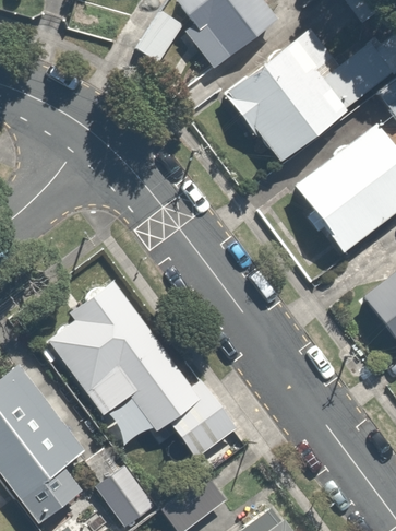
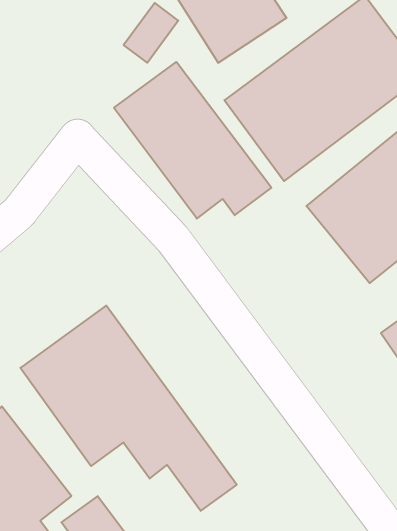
building: none -> [114,62,271,219]

